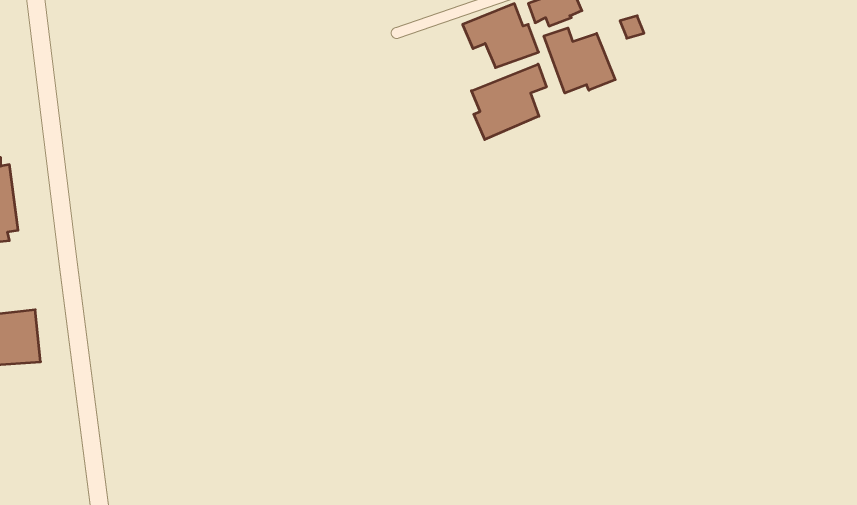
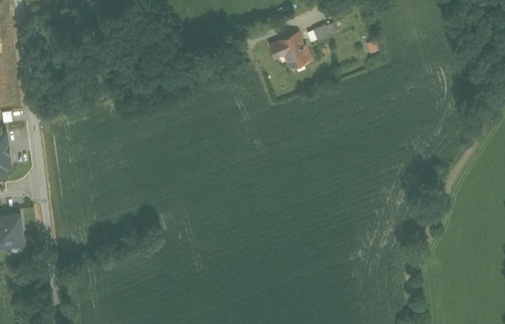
building: [544,28,615,93] -> none
building: [471,64,546,140] -> none

